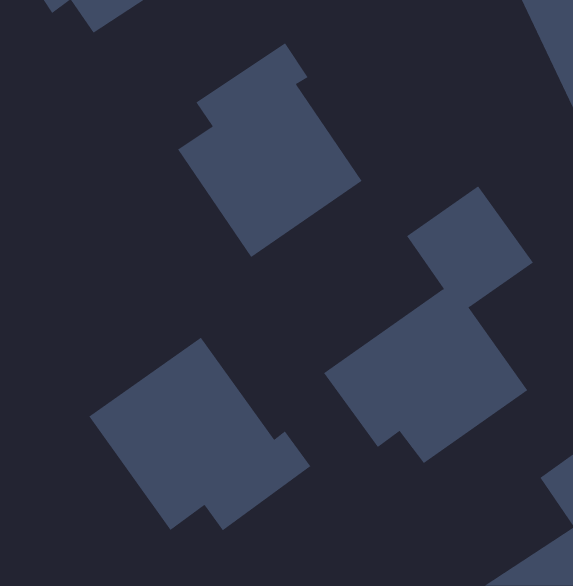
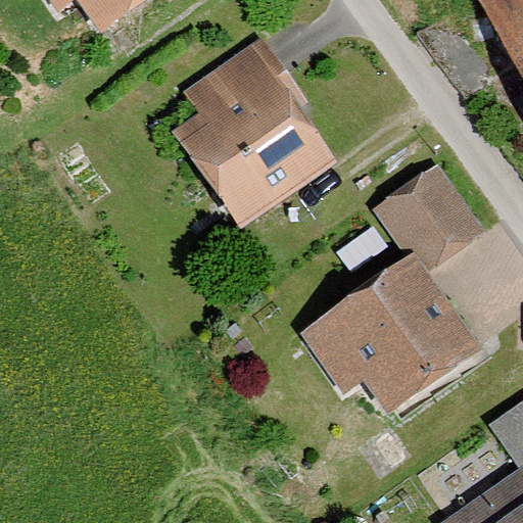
building: [88,337,311,531] -> none

